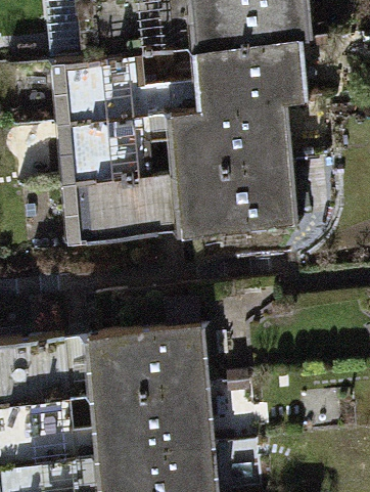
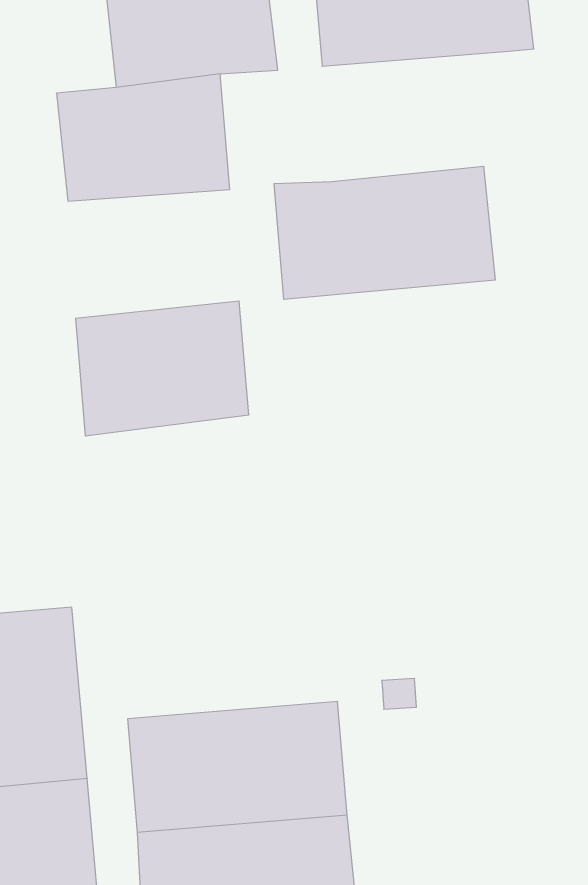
building: [197,43,305,113] -> none
building: [62,117,153,185] -> none
building: [177,165,295,235] -> none
building: [90,309,205,398] -> none

